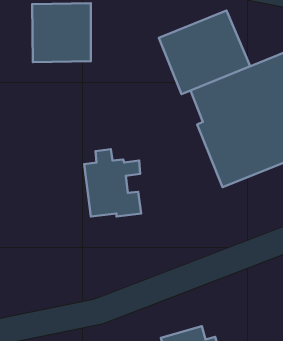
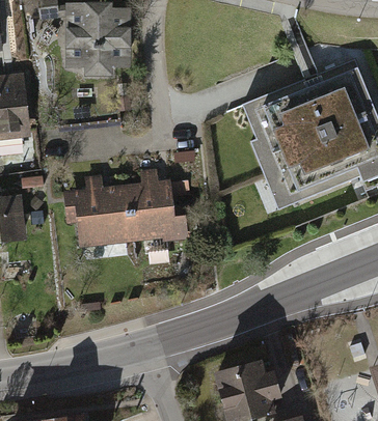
building: [159,10,250,94] -> none
building: none -> [61,174,133,247]

